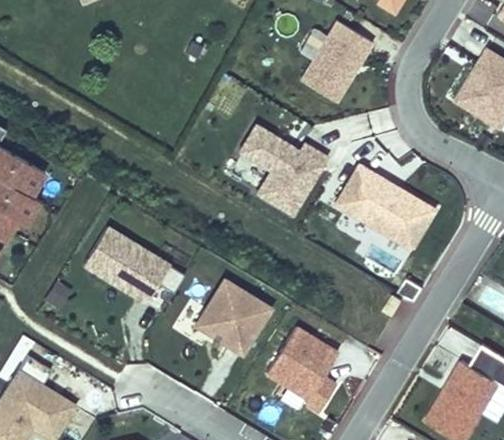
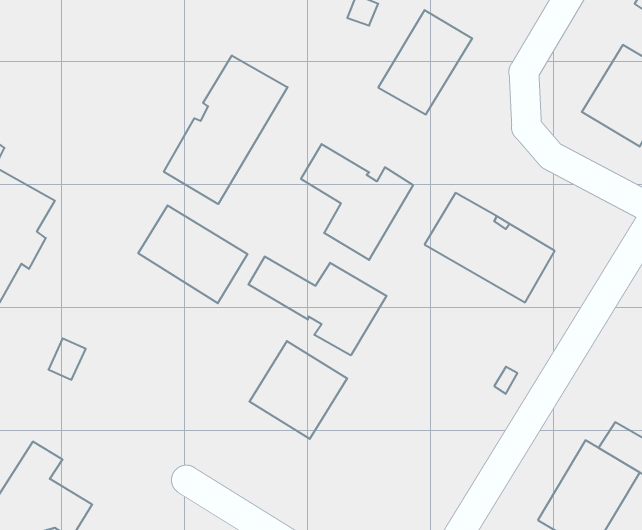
building: none -> [164,55,288,204]
building: none -> [248,256,387,355]
building: [86,227,171,303] -> [138,205,248,303]
building: [268,327,341,413] -> none

